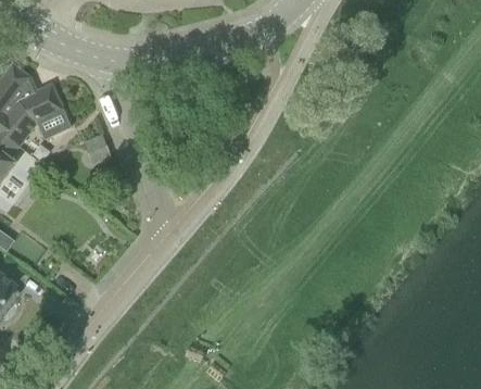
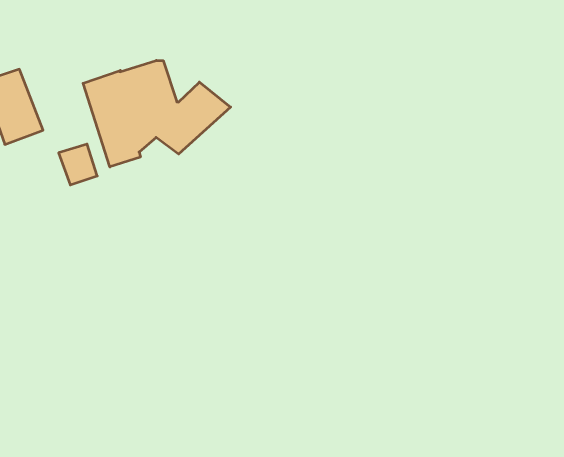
building: none -> [83,60,231,167]

